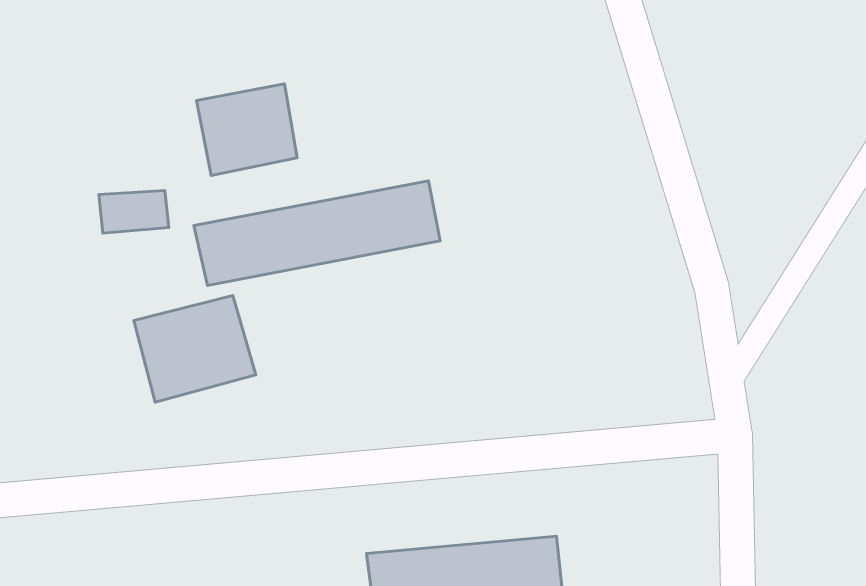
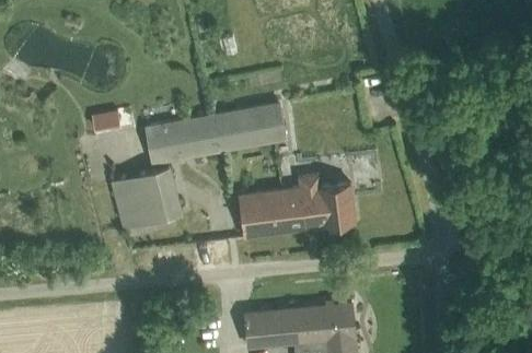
building: [196,84,297,176] -> none
building: none -> [239,185,355,238]

